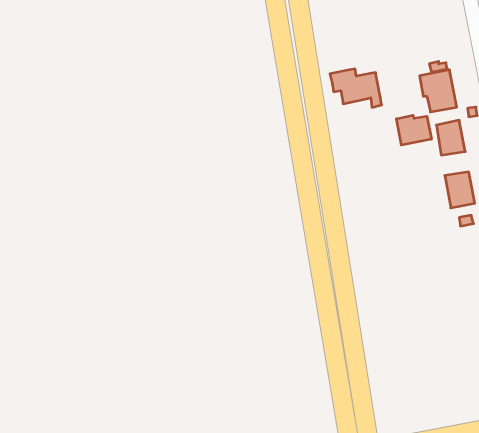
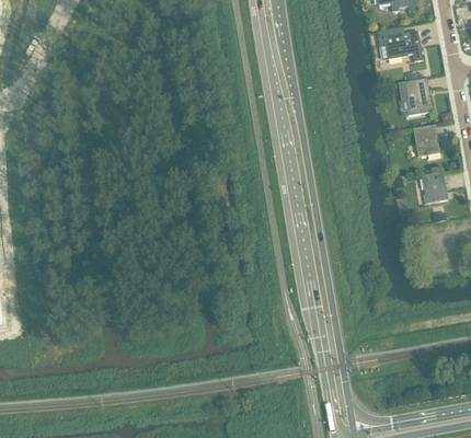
building: [330,69,382,107] -> [376,26,423,61]
building: [396,115,431,145] -> none

